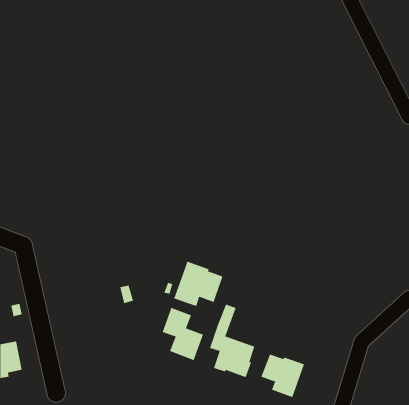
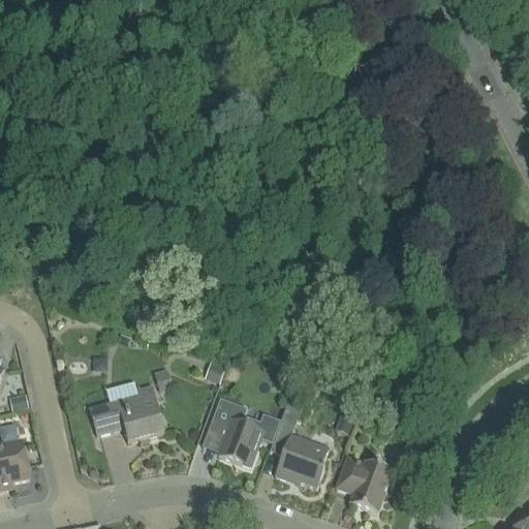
building: [173,261,223,307] -> none
building: none -> [89,383,164,441]

